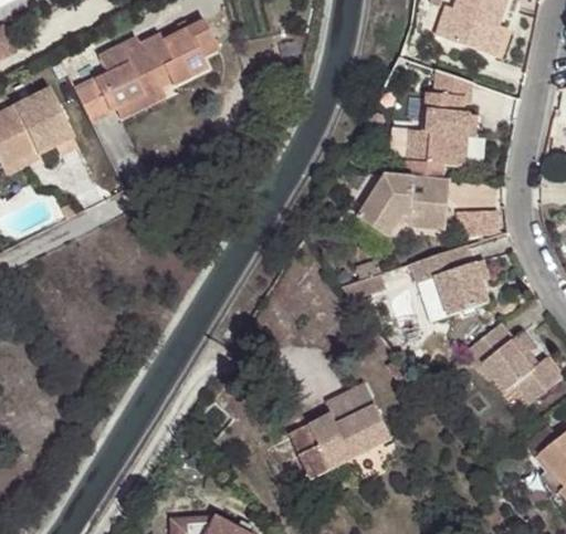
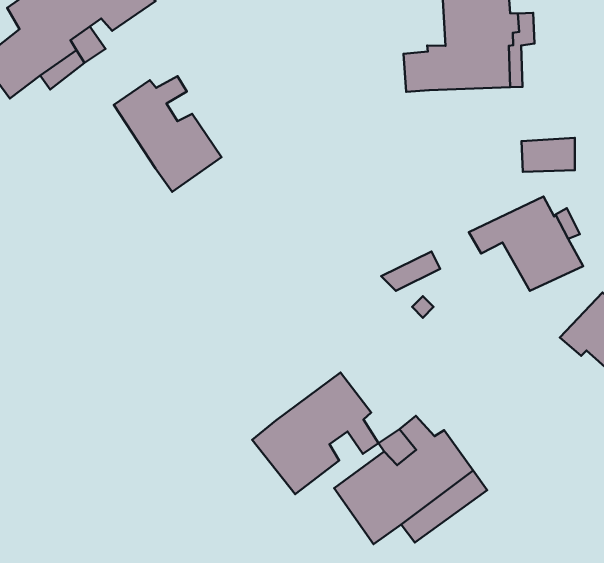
building: none -> [114,76,221,192]
building: [345,174,449,254] -> none
building: none -> [252,372,378,494]

